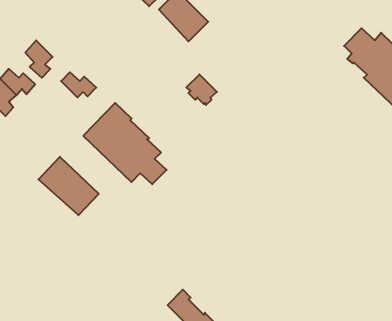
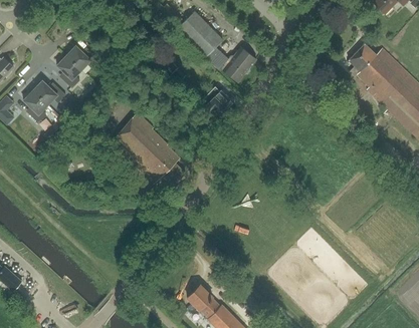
building: none -> [223,48,256,81]
building: [61,72,96,97] -> [66,47,98,70]
building: [38,157,99,215] -> none

